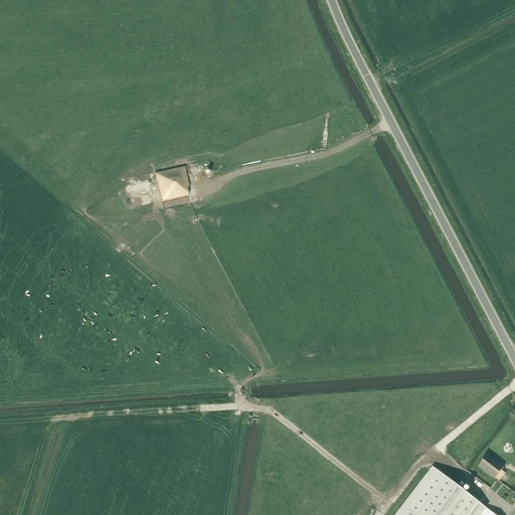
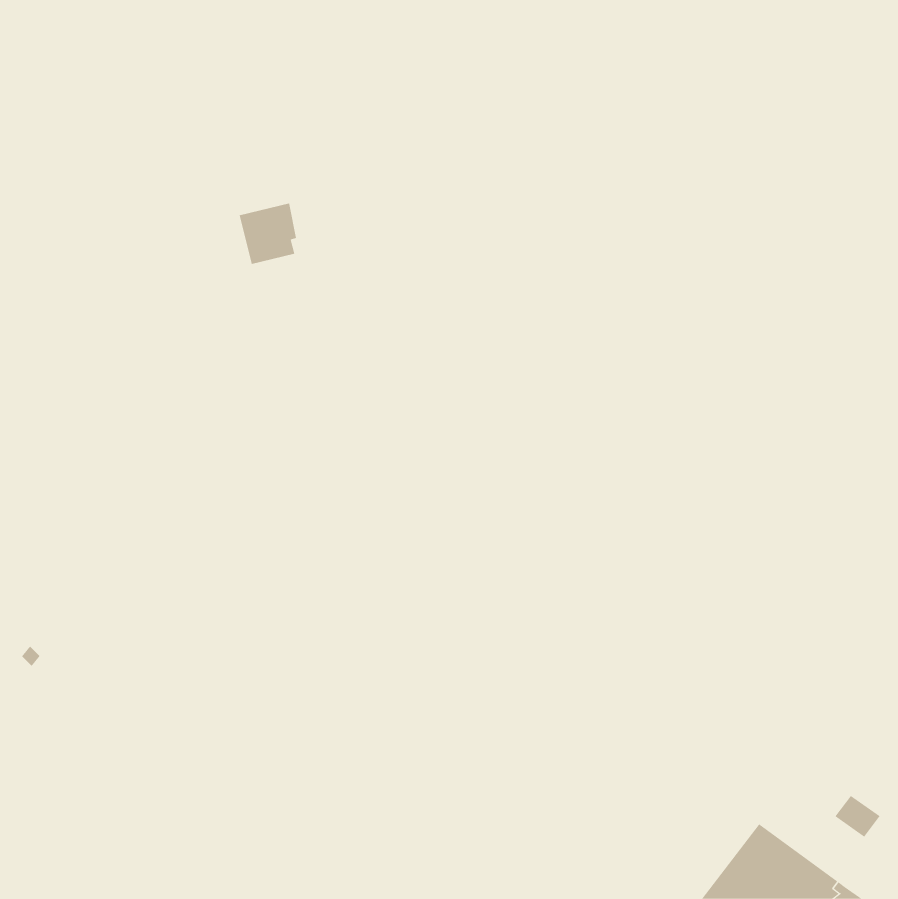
building: [155,168,188,203] -> [239,203,297,264]

